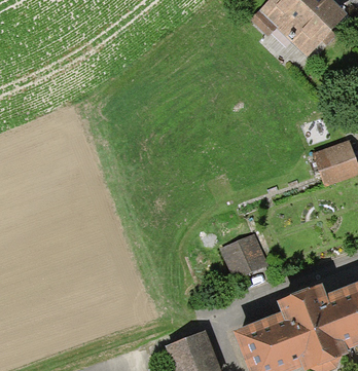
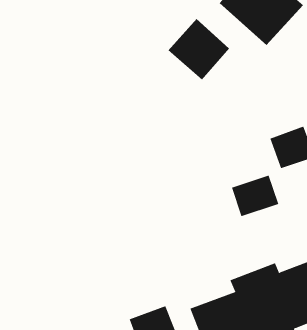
building: none -> [167,18,230,80]
building: [219,231,270,275] -> [231,175,279,217]

